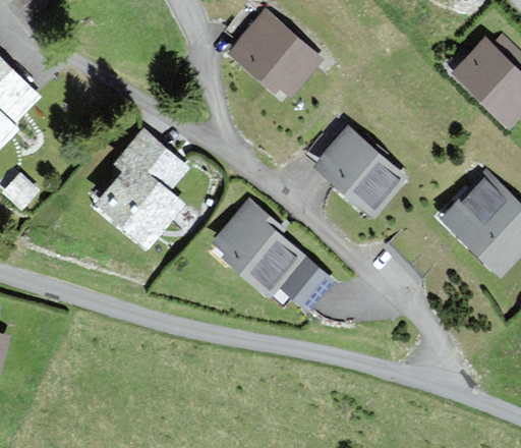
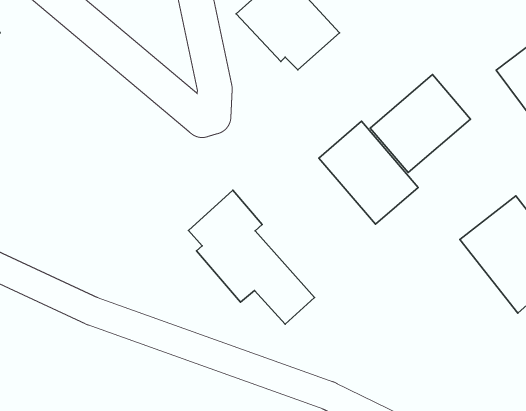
building: none -> [370,75,471,173]
building: [97,132,186,246] -> none

